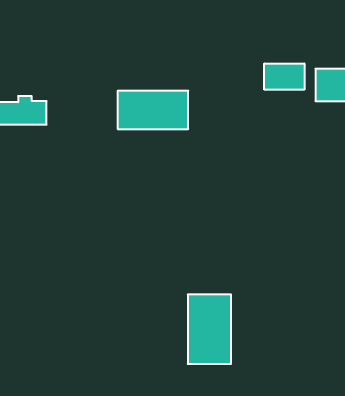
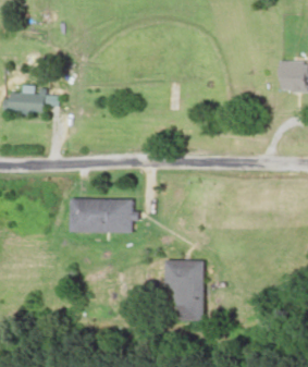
building: [264,63,304,90] -> none
building: [118,91,188,129] -> [67,198,130,232]

